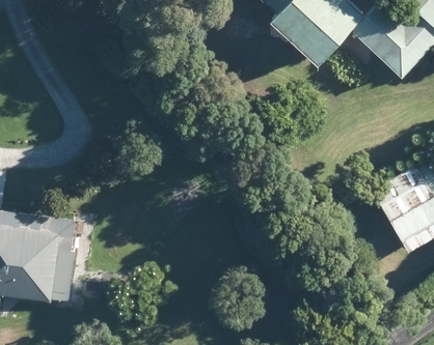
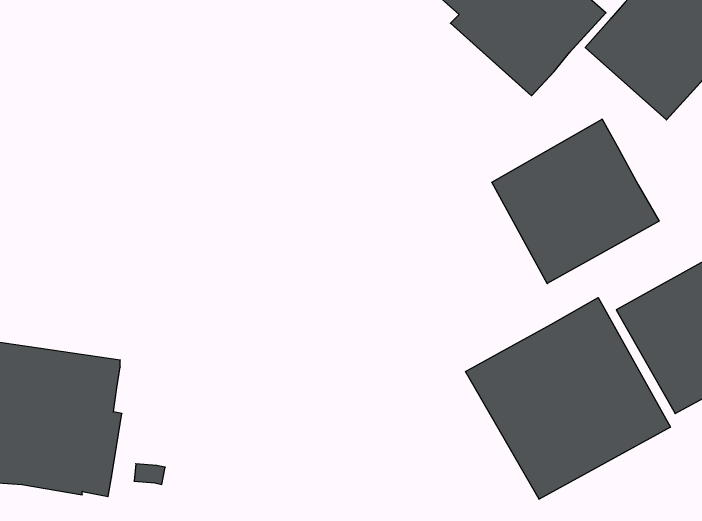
building: none -> [492,119,659,284]
building: none -> [466,298,670,499]

